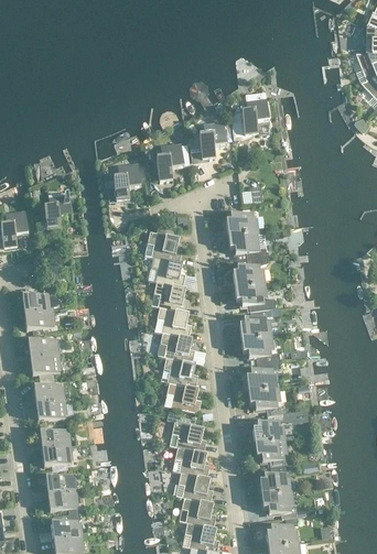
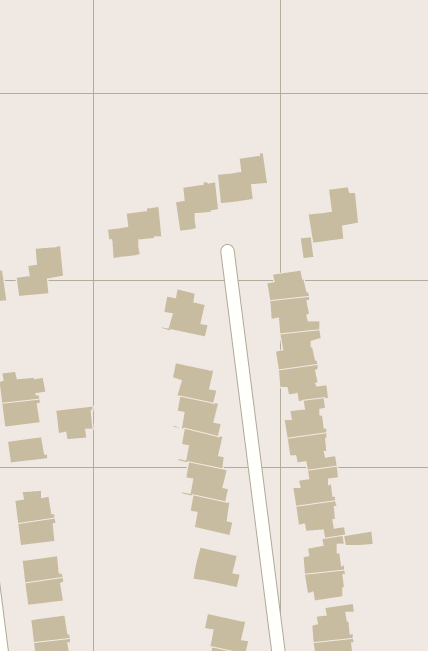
building: [229,93,268,135] -> [308,187,359,243]
building: [148,256,184,286] -> none
building: [30,354,58,379] -> [55,406,93,439]
building: [172,446,208,477] -> none

